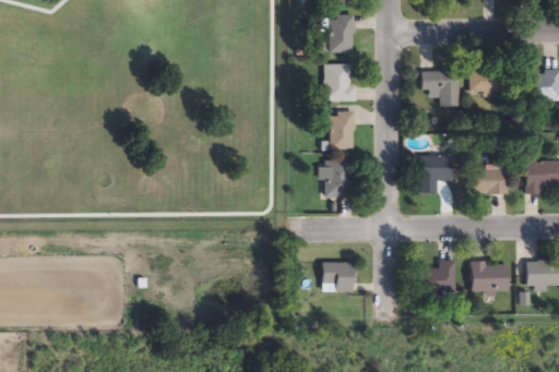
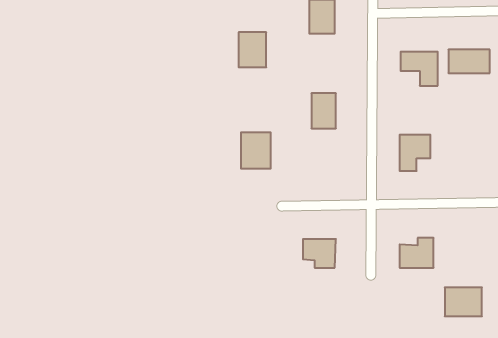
building: [325,64,354,100] -> [239,32,266,67]
building: [322,160,353,197] -> [241,132,271,169]
building: [472,167,508,194] -> none
building: [471,263,509,292] -> [445,287,482,316]

